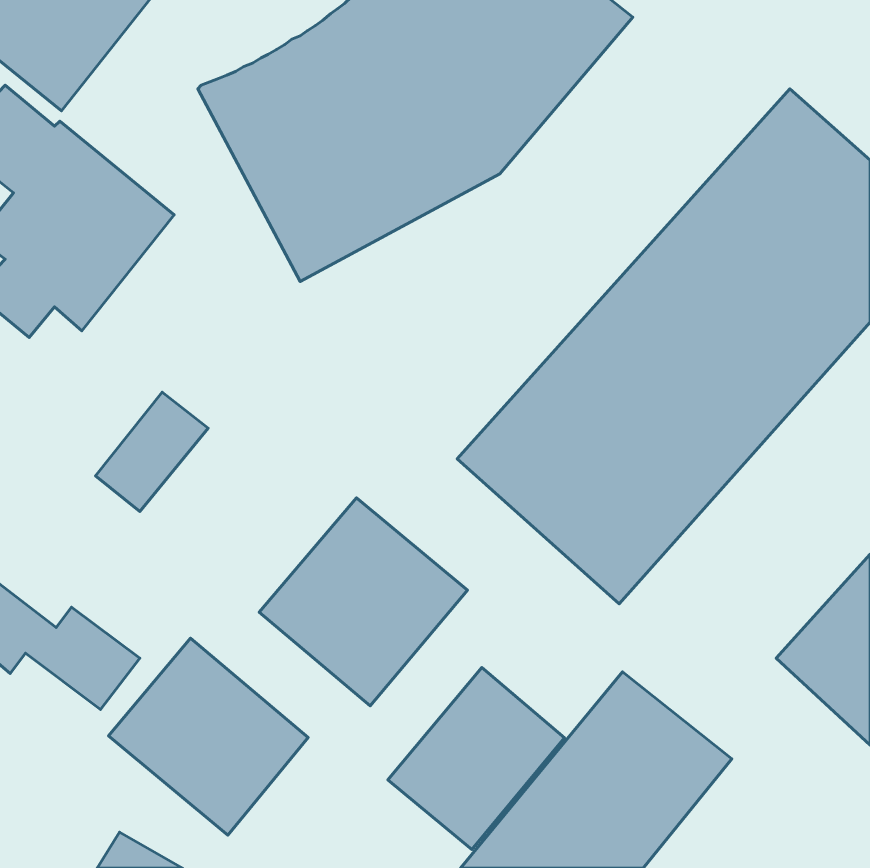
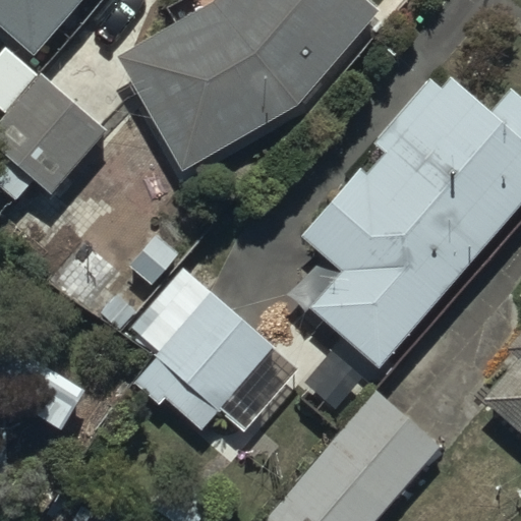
building: [109,638,308,835] -> none
building: [388,668,564,849] -> none

